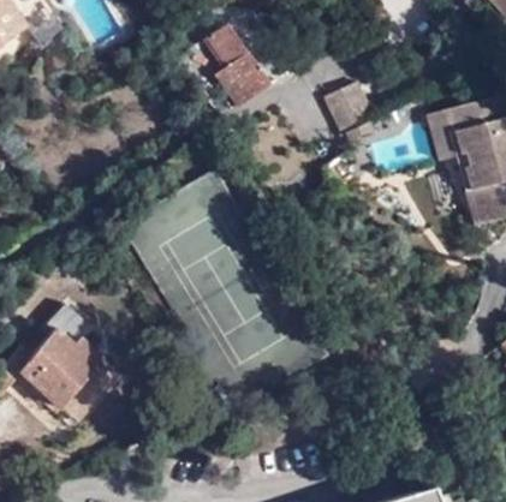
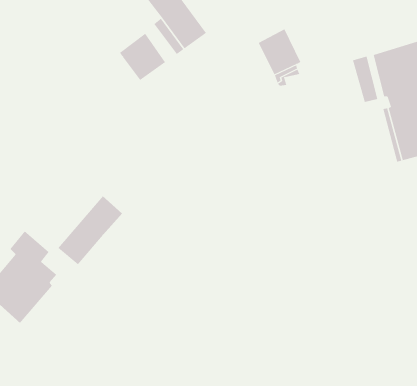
building: none -> [119,33,166,81]
building: none -> [58,195,123,265]

